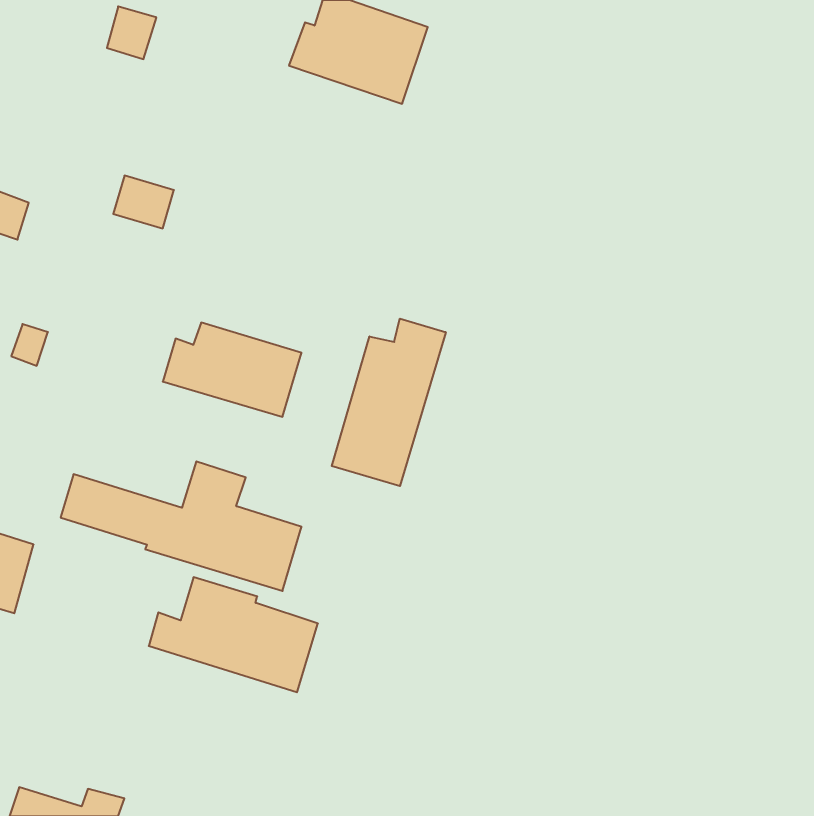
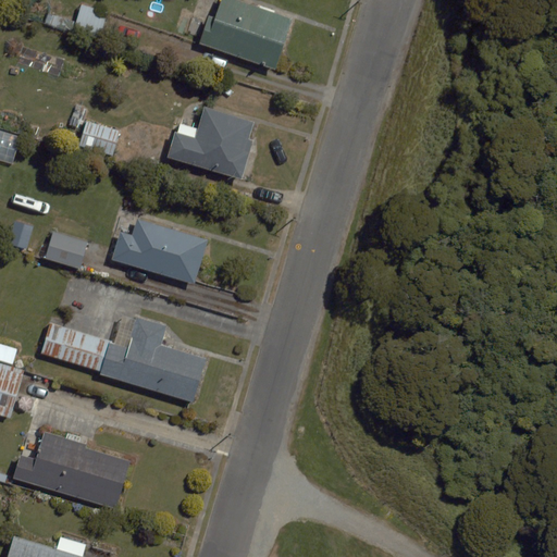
building: none -> [168,109,252,178]
building: [332,319,446,486] -> none
building: none -> [45,232,87,267]
building: [149,577,318,692] -> [12,431,127,509]

